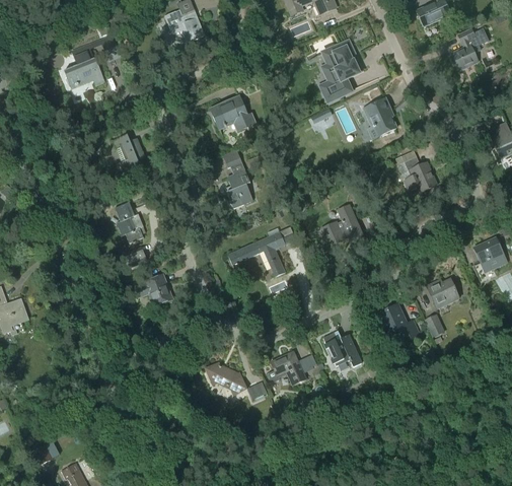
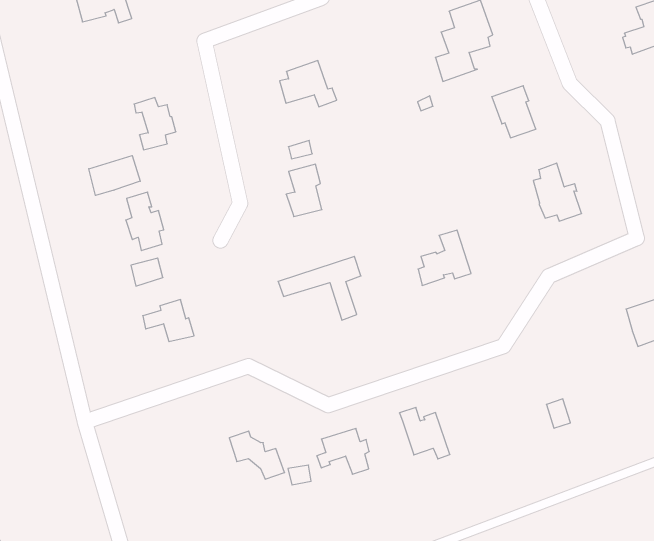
building: none -> [89,156,140,195]
building: [427,278,458,307] -> none
building: [377,302,420,342] -> none

